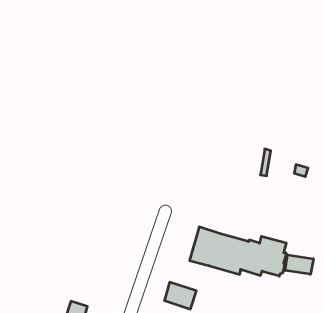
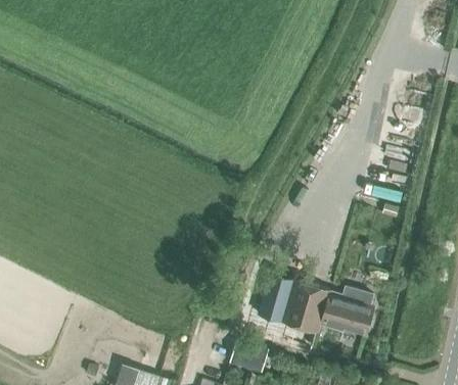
building: [285,255,313,274] -> none

